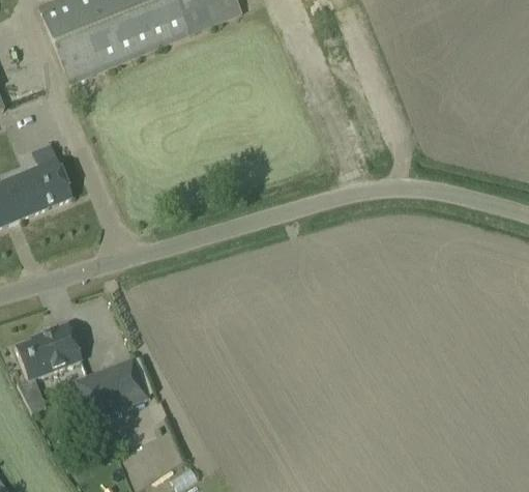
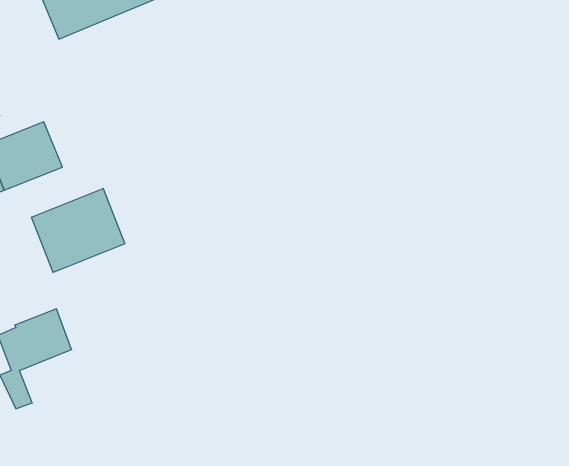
building: none -> [32,188,125,272]
building: [75,358,148,421] -> none

